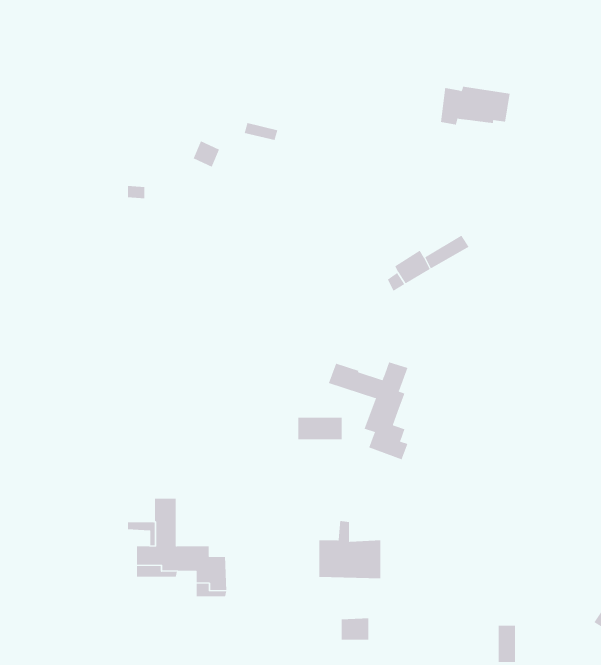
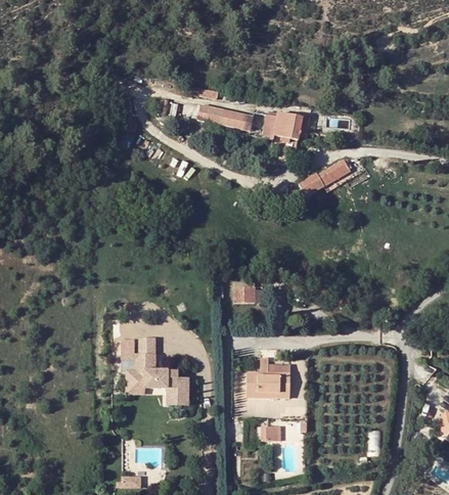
building: [440,86,510,125] -> [263,111,311,138]
building: none -> [197,102,255,129]
building: [328,361,408,460] -> none

